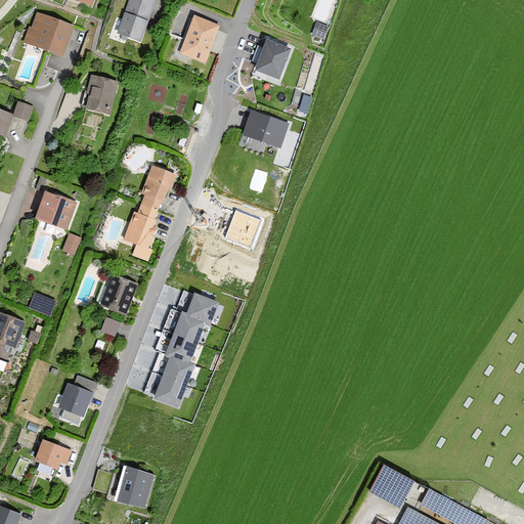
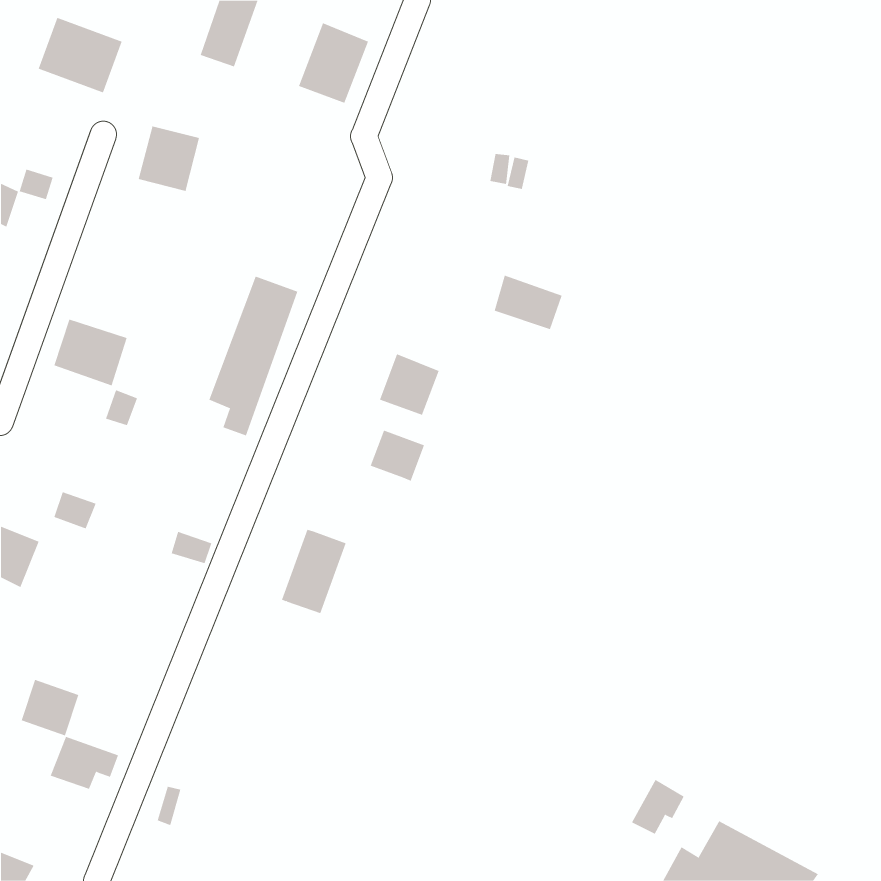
building: [257,44,290,81] -> none
building: [246,115,287,147] -> [494,275,563,330]
building: [98,272,137,314] -> none
building: [186,294,219,324] -> [370,430,425,481]
building: [154,357,194,408] -> none
building: [55,382,90,416] -> [21,679,79,736]
building: [118,468,154,508] -> none

